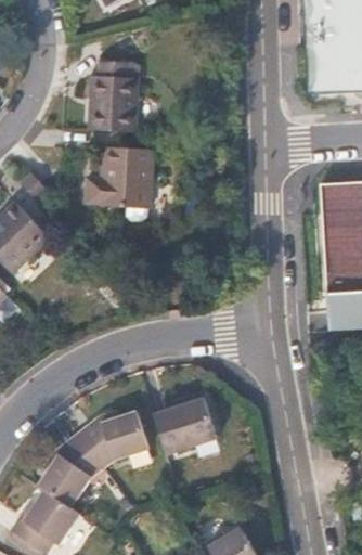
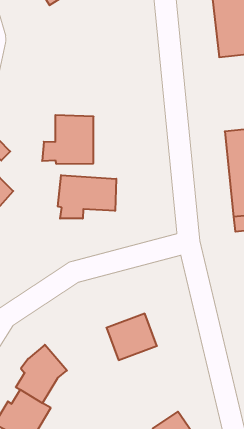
building: [88,64,138,134] -> none
building: none -> [58,175,116,219]
building: [77,410,148,467] -> none

